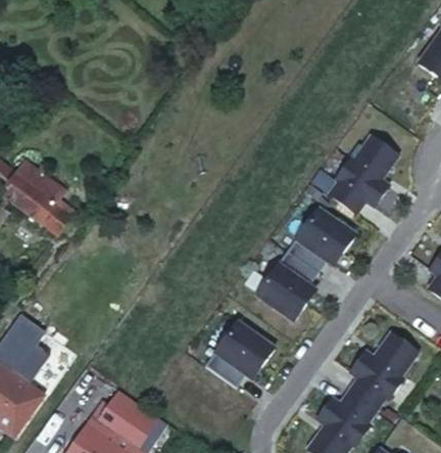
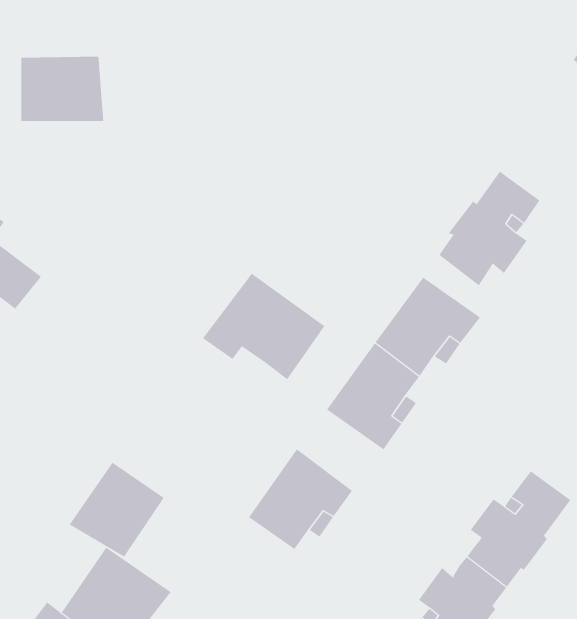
building: none -> [21,56,104,122]
building: none -> [202,273,325,380]
building: none -> [69,462,164,558]

